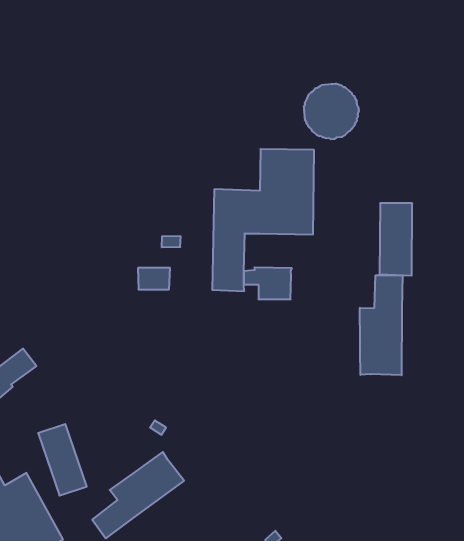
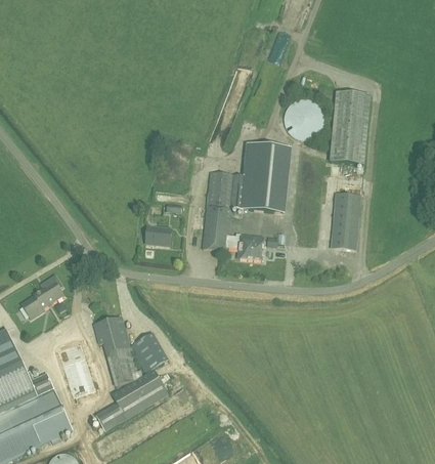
building: none -> [330,90,369,163]
building: [360,275,402,375] -> none
building: none -> [94,315,138,385]

